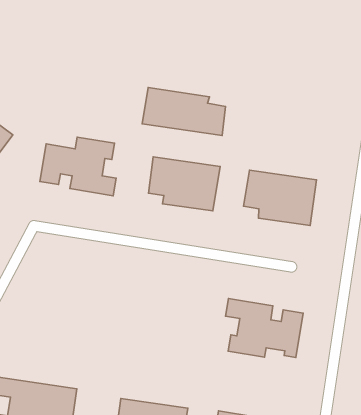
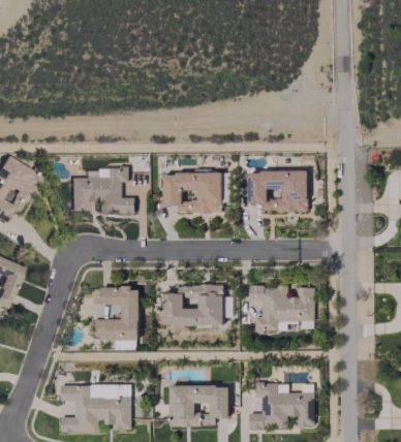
building: [142,88,226,135] -> none
building: none -> [93,287,140,341]
building: none -> [164,284,223,325]

